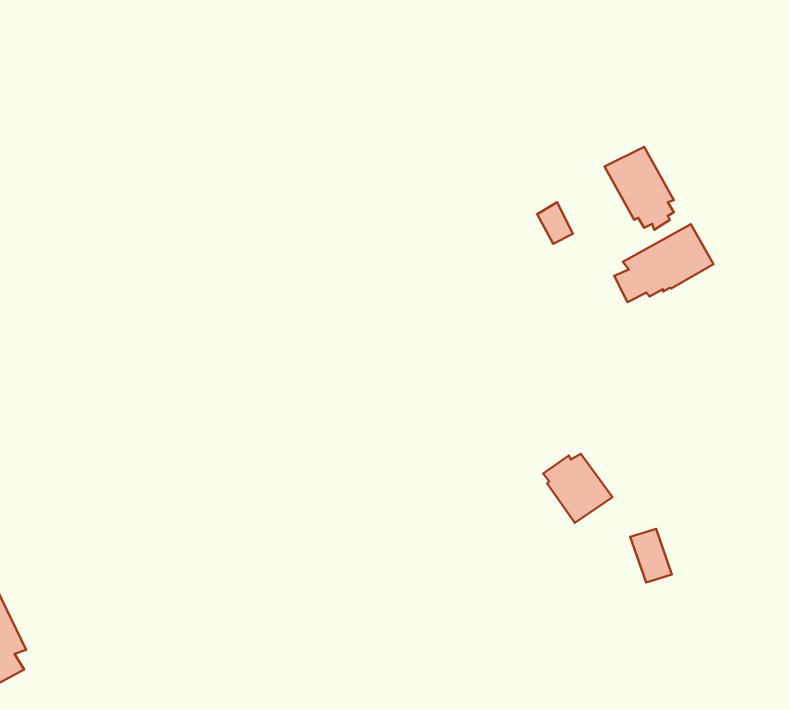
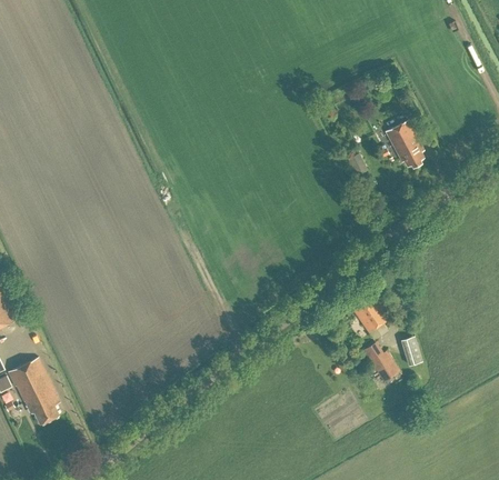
building: [614,224,713,302] -> none
building: none -> [362,342,400,383]

